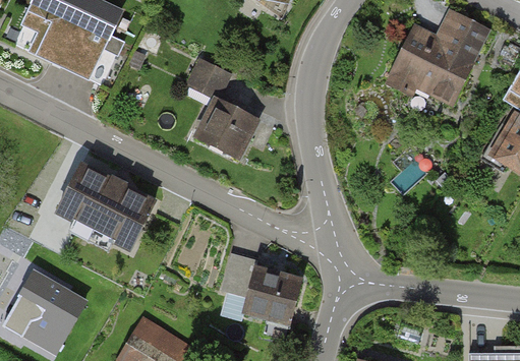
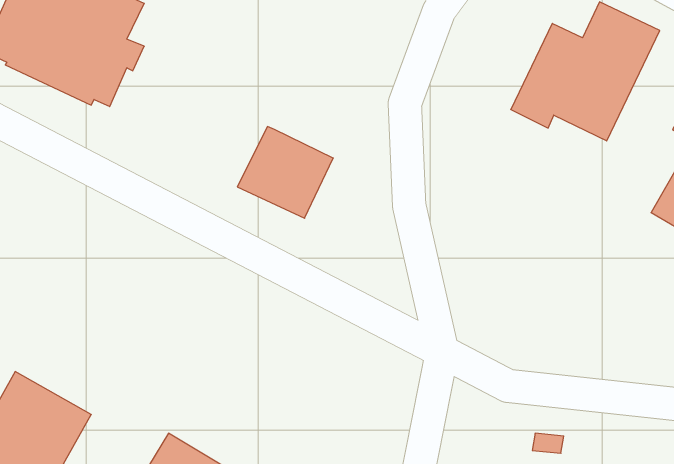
building: [185,55,231,98] -> none
building: [54,164,157,254] -> none
building: [220,250,303,329] -> none

